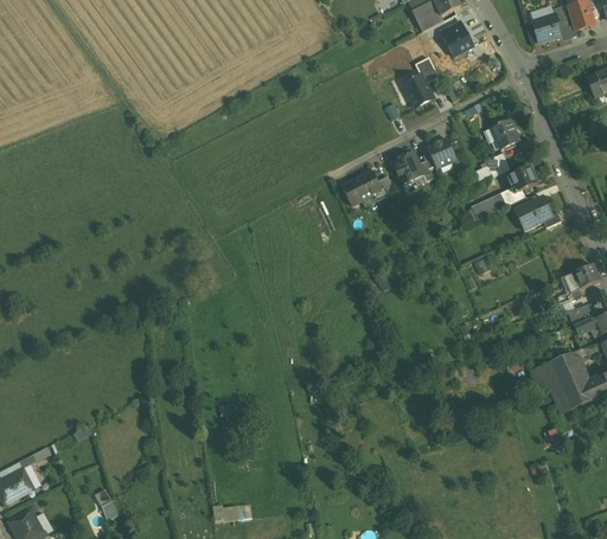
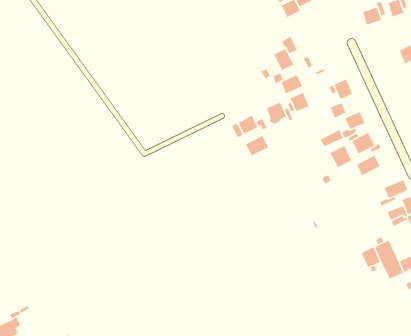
building: [440,20,473,56] -> none
building: none -> [280,74,303,94]
building: none -> [245,135,269,156]
building: none -> [329,145,353,168]
building: none -> [356,154,381,176]

